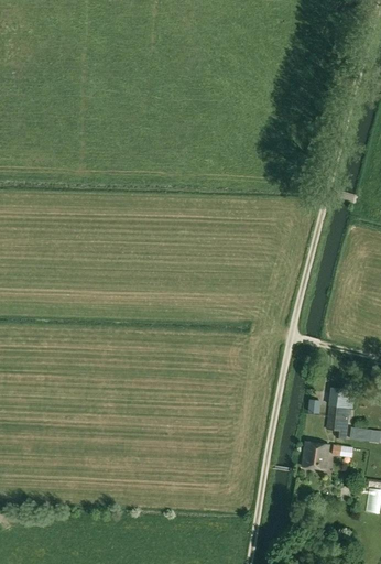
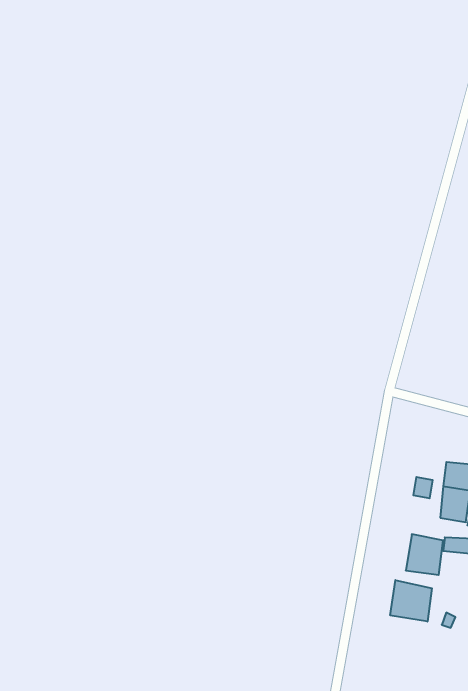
building: none -> [390,580,432,622]

